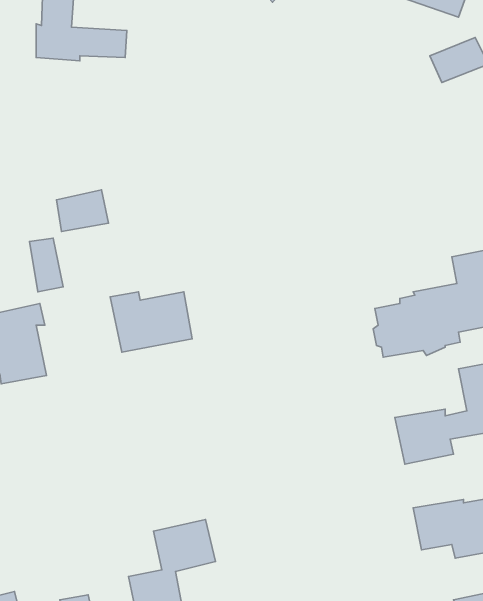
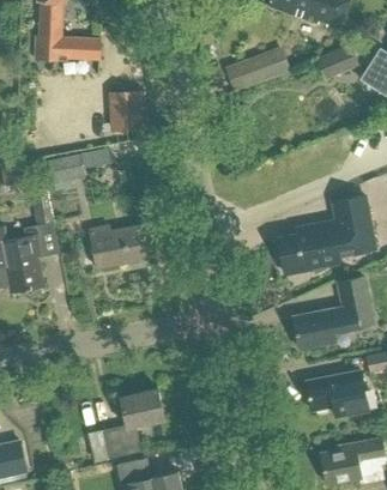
building: none -> [223,46,291,91]
building: none -> [113,91,144,131]

